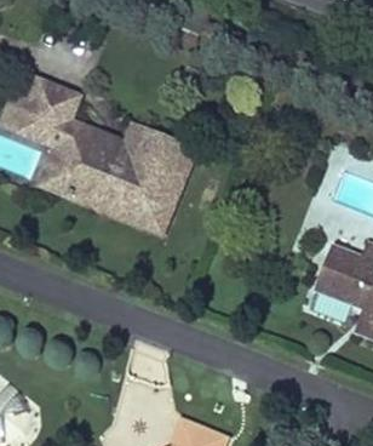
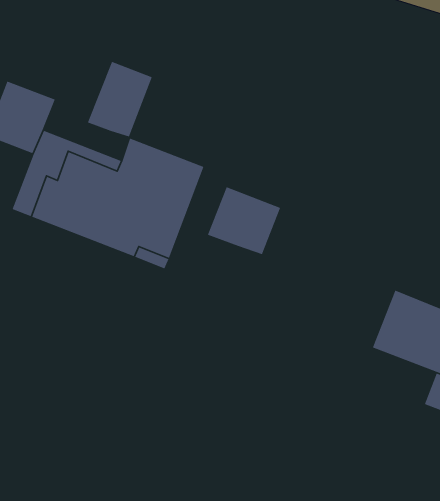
building: none -> [87,61,153,137]
building: none -> [207,186,281,255]

